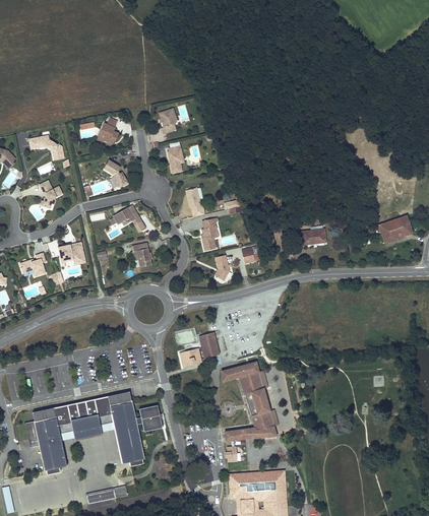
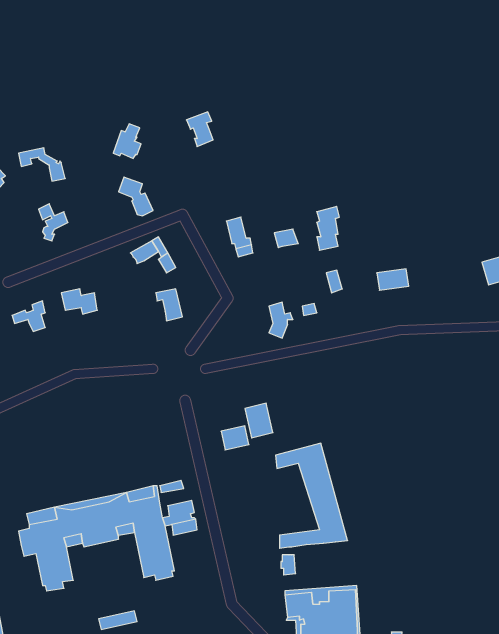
building: [165,144,183,174] -> none
building: [200,218,218,252] -> [317,206,339,250]

